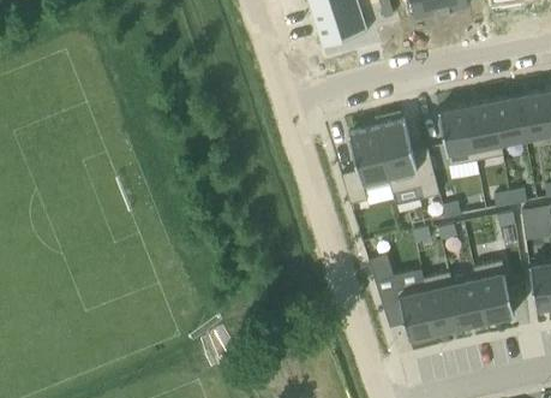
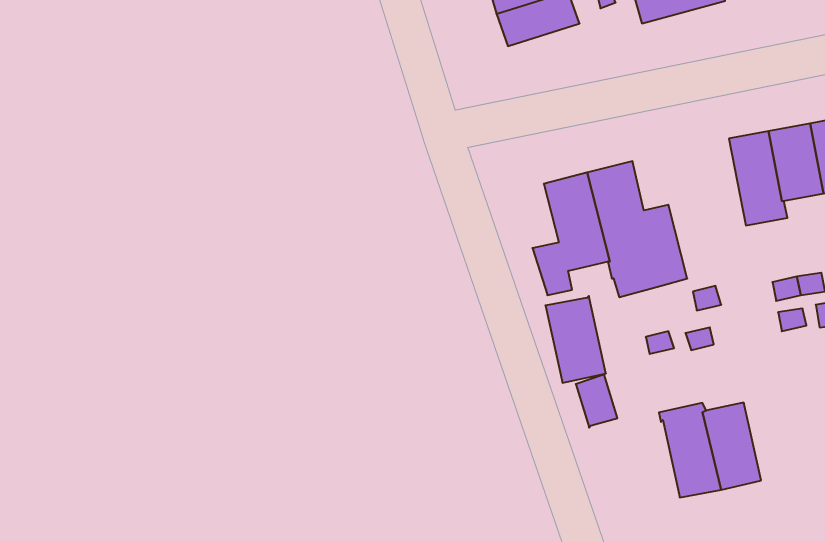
building: [438,106,477,167] -> none
building: [473,262,514,323] -> none
building: [396,285,435,340] -> [545,296,606,383]

